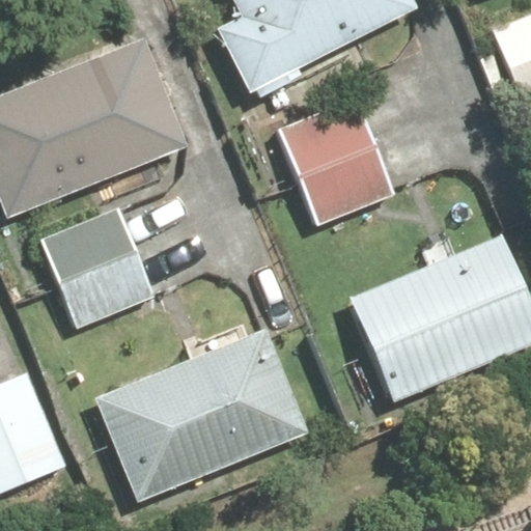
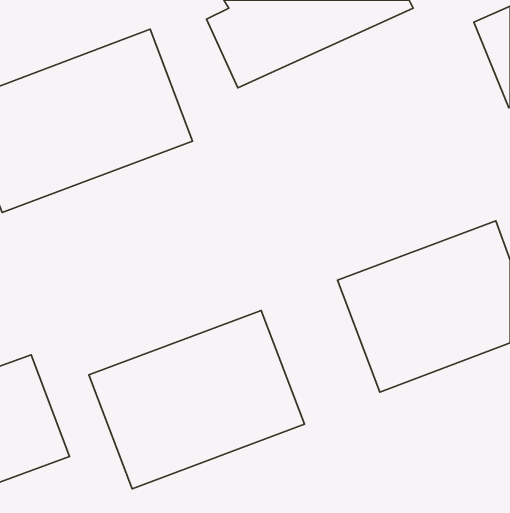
building: [271,91,403,228] -> none
building: [36,196,159,324] -> none

